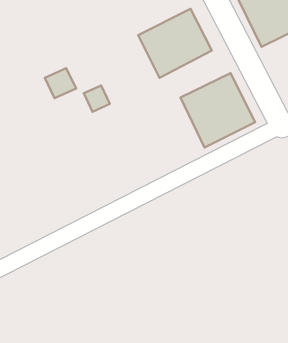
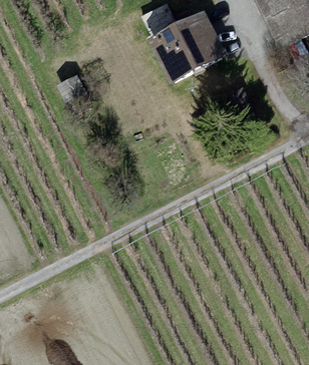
building: [181,73,255,148] -> none

